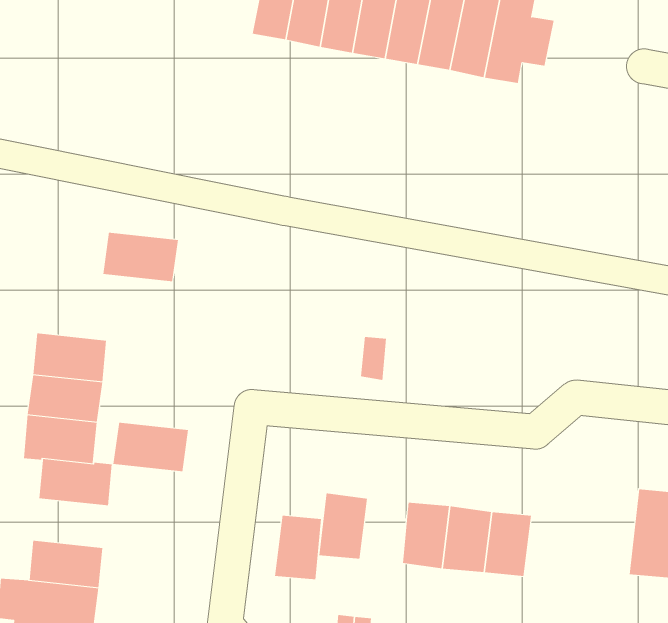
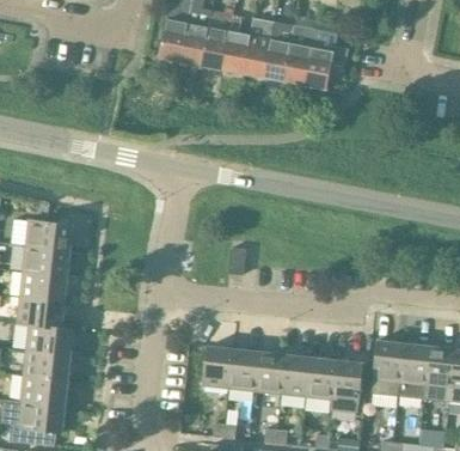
building: [103,232,179,282] -> [25,219,73,250]
building: [113,422,189,472] -> [23,349,70,380]
building: none -> [370,341,403,397]
building: [274,515,322,580] -> [228,349,258,390]
building: none -> [331,360,362,412]

